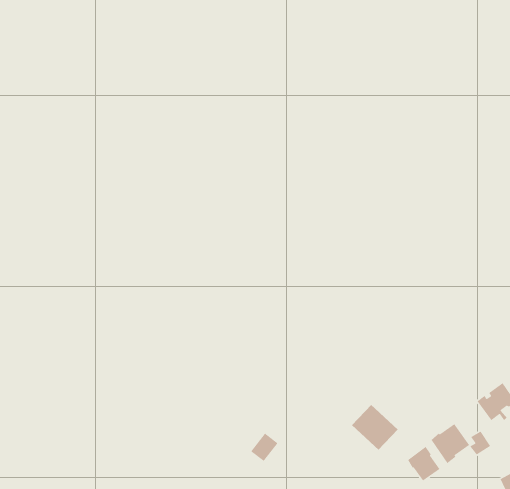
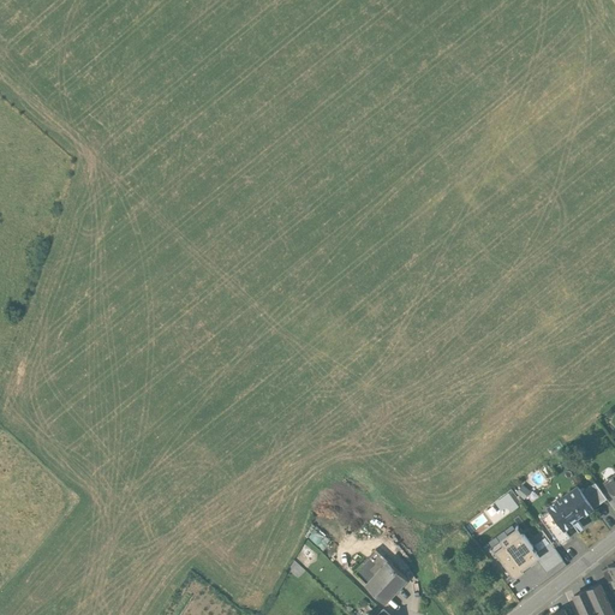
building: [351,404,398,450] -> [353,550,407,603]
building: [407,446,441,482] -> none

